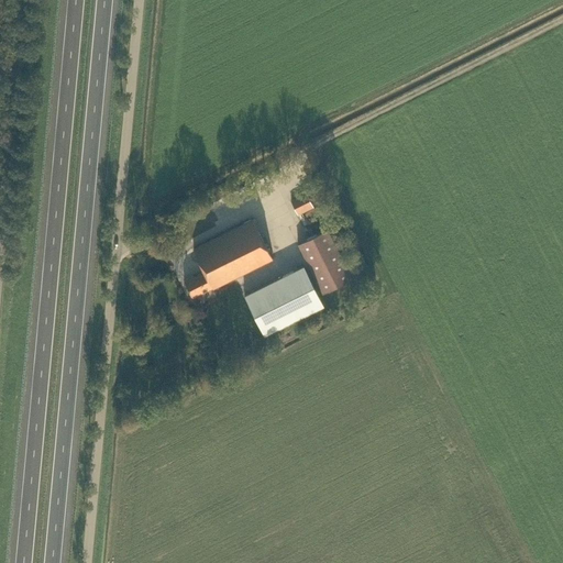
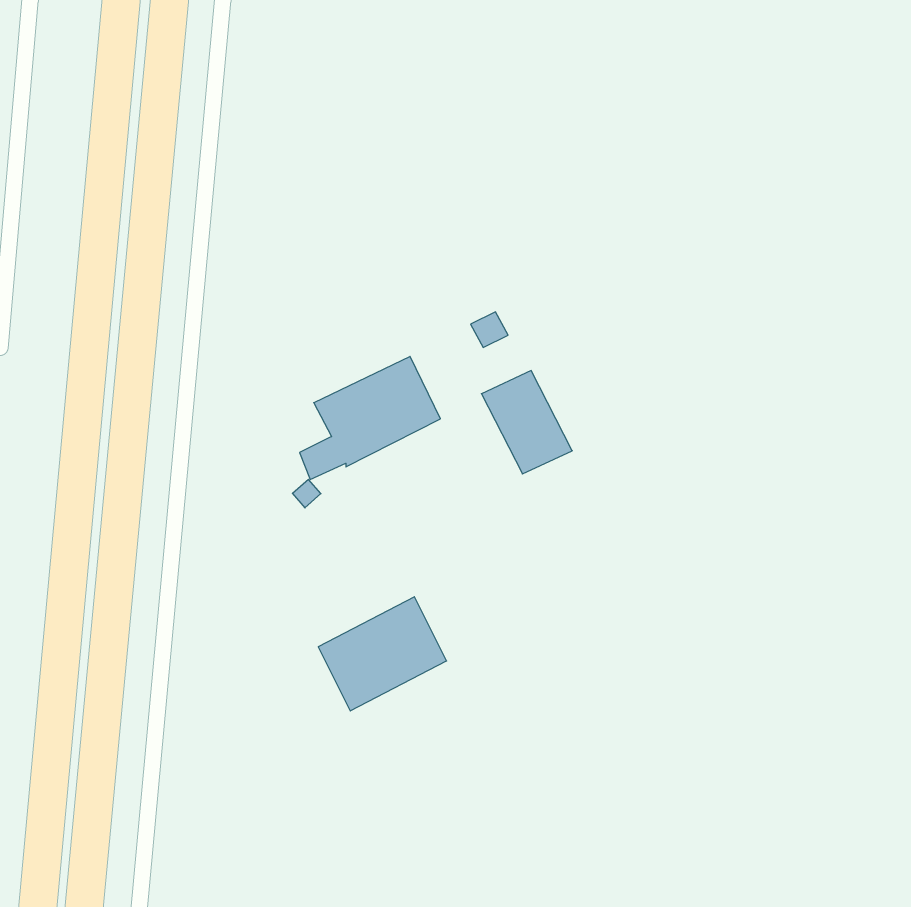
building: [244,266,323,336] -> [318,597,447,711]

